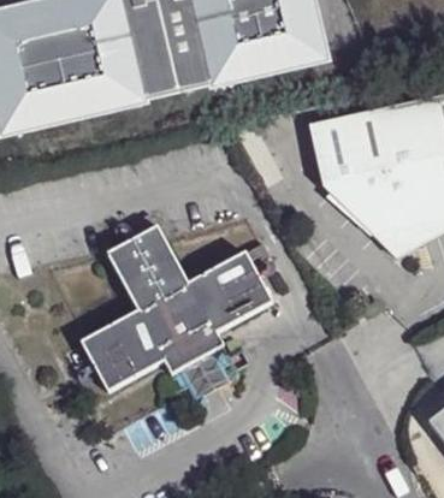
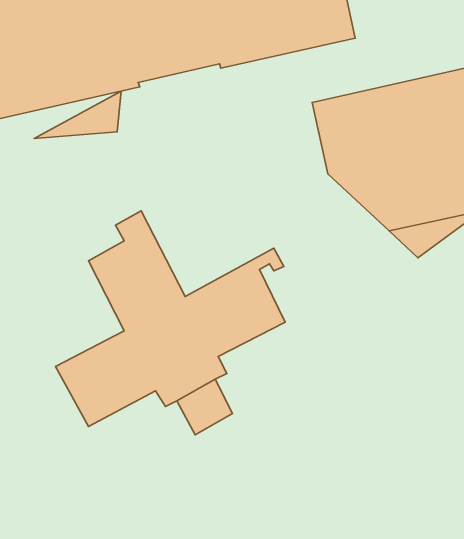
building: none -> [34,91,121,139]

